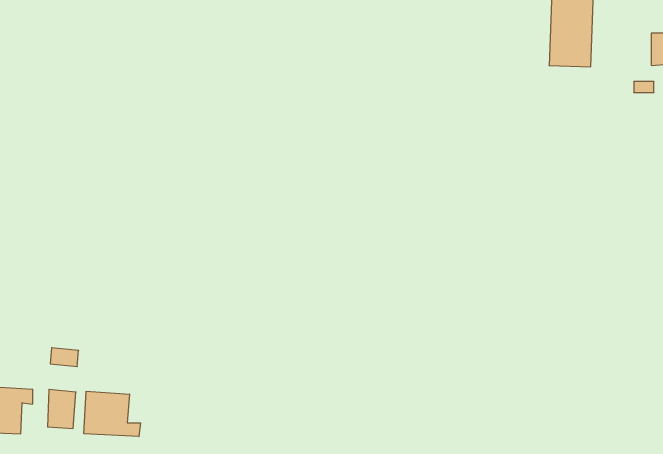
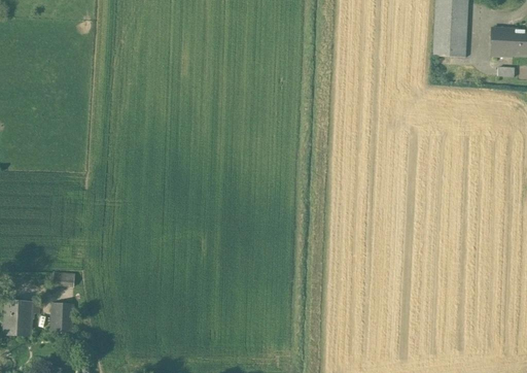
building: none -> [491,30,513,58]
building: [84,391,141,437] -> none

